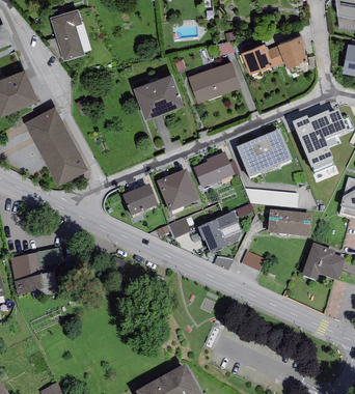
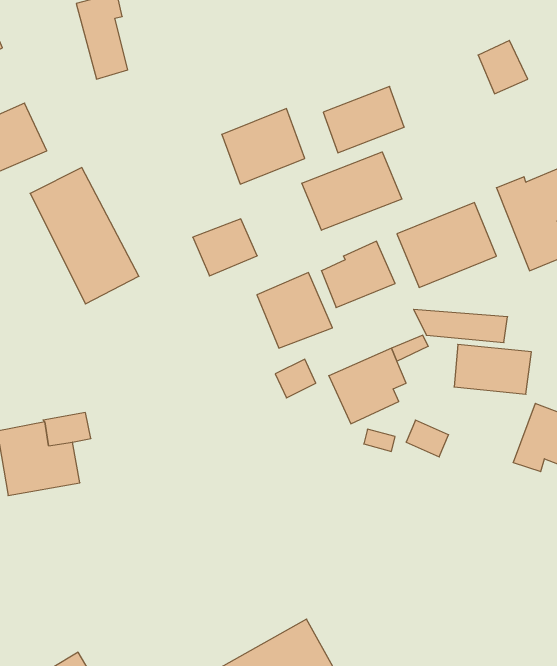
building: [245,45,273,73] -> none
building: none -> [302,152,402,230]
building: [121,184,158,216] -> [193,219,257,276]

